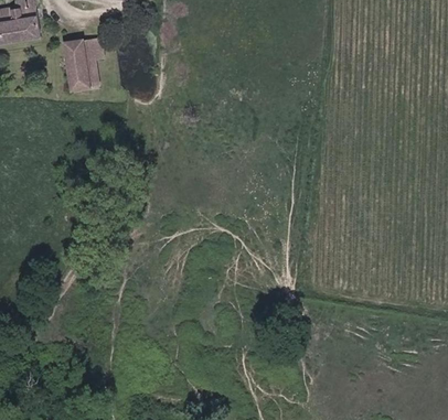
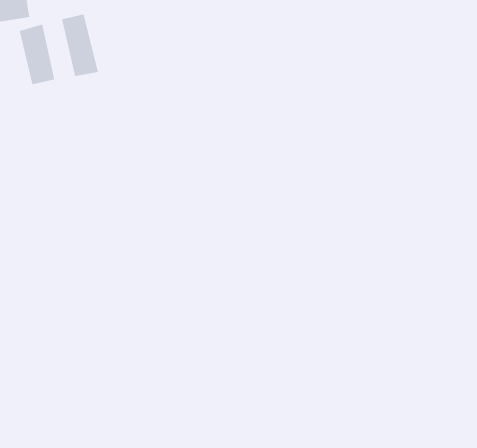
building: none -> [19,23,55,85]

